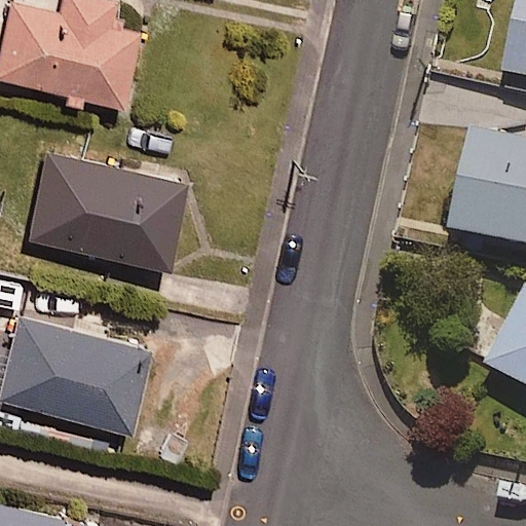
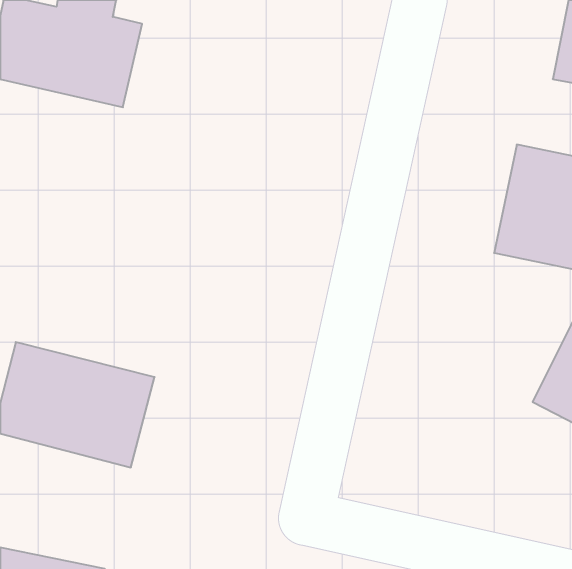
building: [29,154,180,267] -> none

